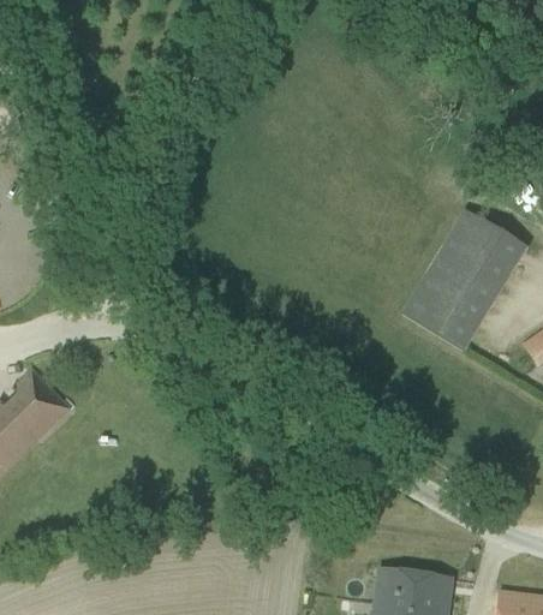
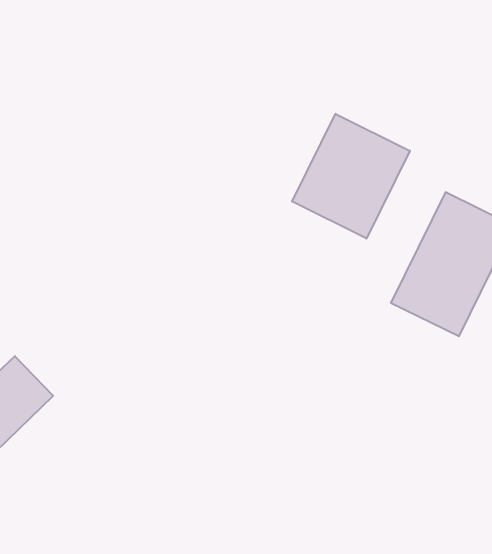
building: none -> [292,114,410,239]

